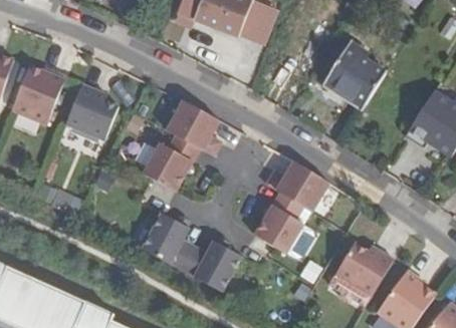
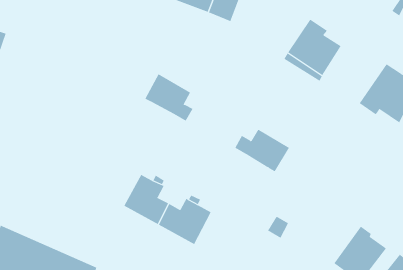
building: [12,62,66,121] -> none
building: [65,83,119,139] -> none
building: [143,133,199,191] -> none
building: [254,192,304,253] -> none
building: [341,247,401,301] -> none

